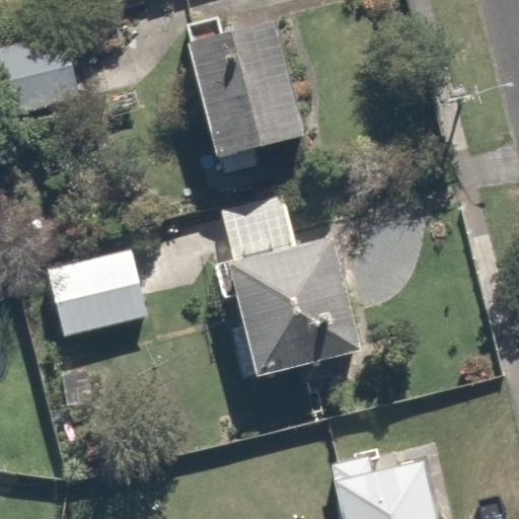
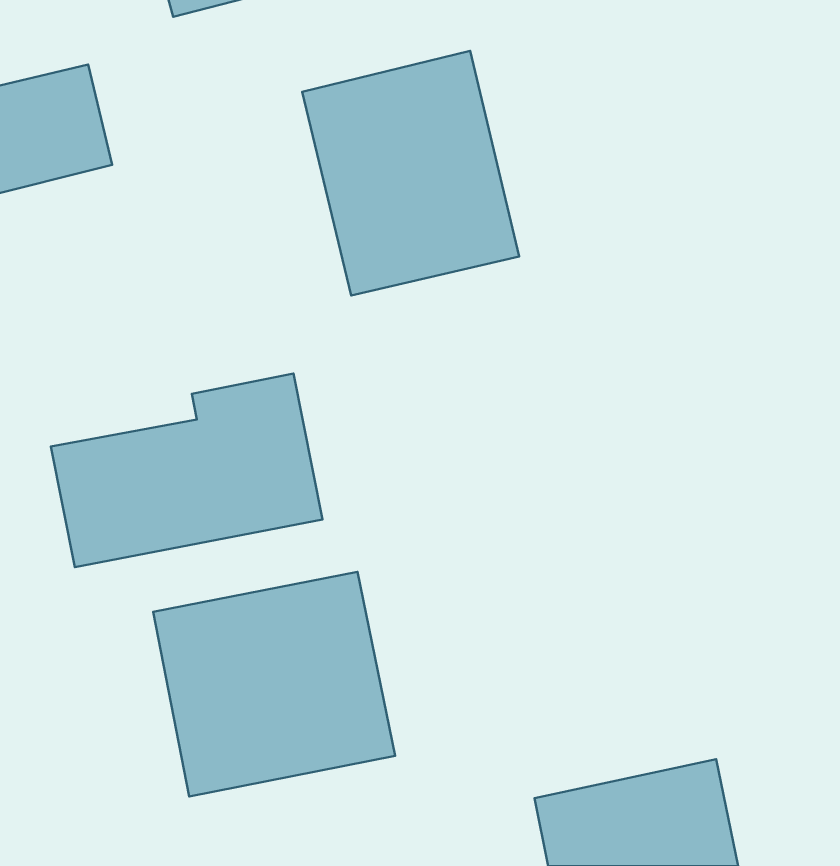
building: [217,190,375,383] -> none
building: none -> [153,572,395,796]

